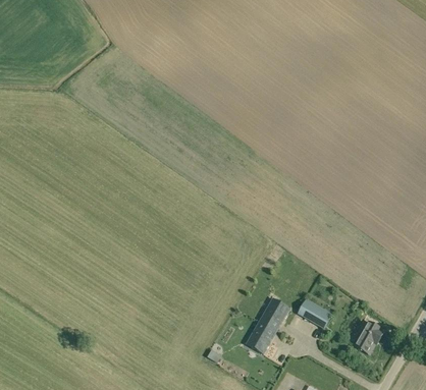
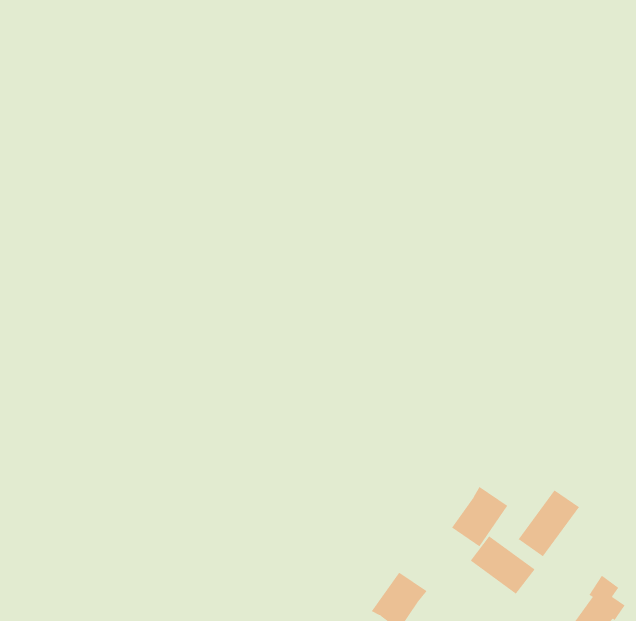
building: none -> [518,489,580,557]
building: [259,297,288,330] -> [451,486,508,547]

